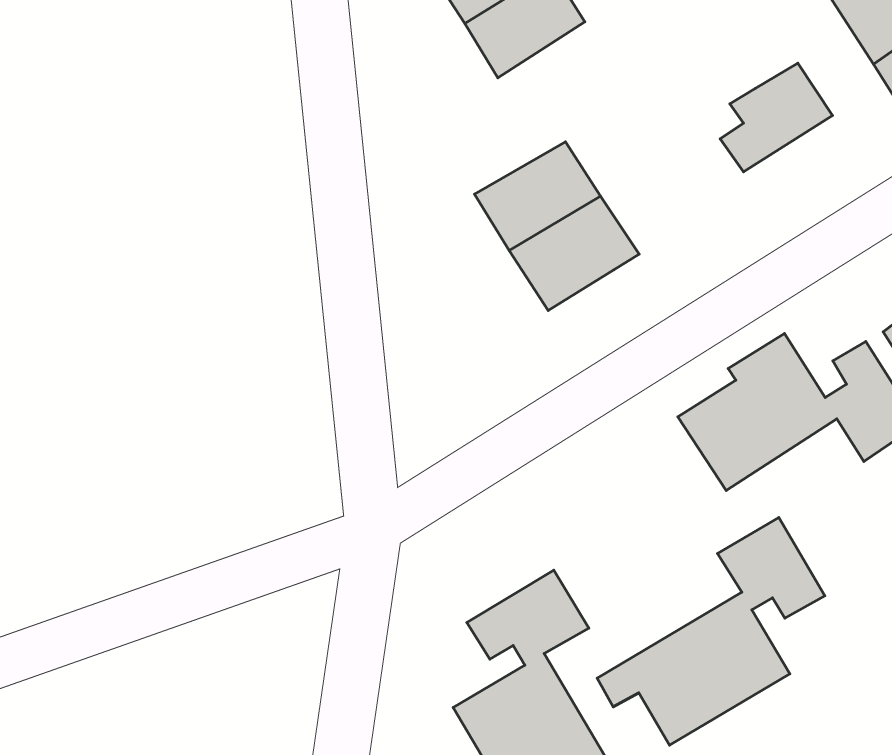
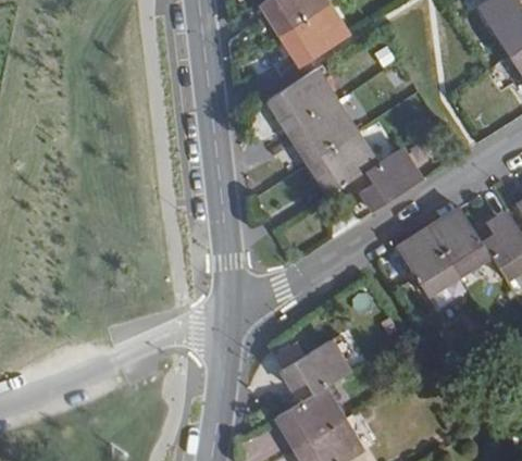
building: [720,63,833,172] -> [359,149,422,210]
building: none -> [269,70,337,129]
building: [597,517,825,745] -> none

